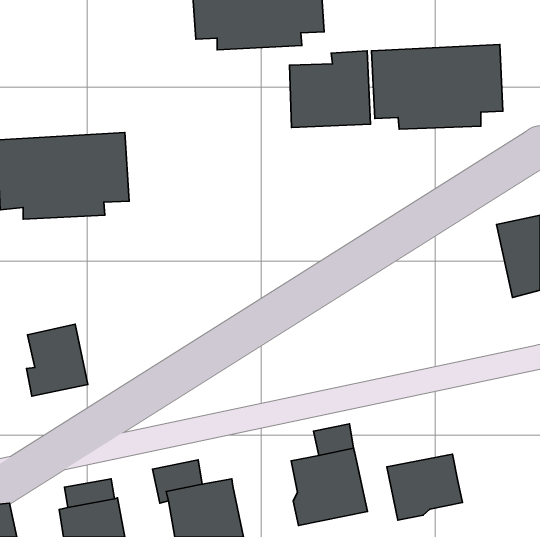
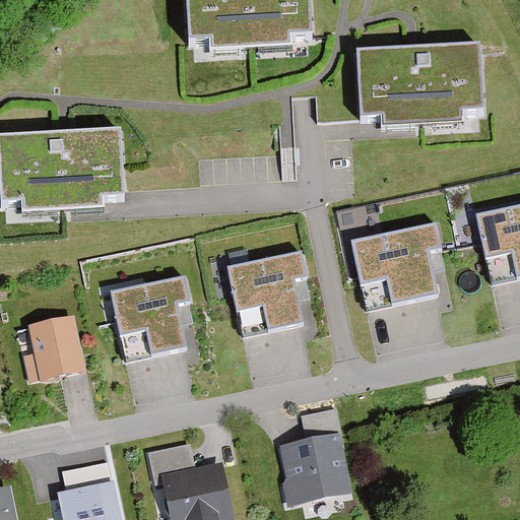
building: [289,51,371,128] -> none
building: none -> [354,226,441,309]
building: none -> [229,252,307,336]
building: none -> [112,276,191,360]
building: [387,454,462,520] -> none

